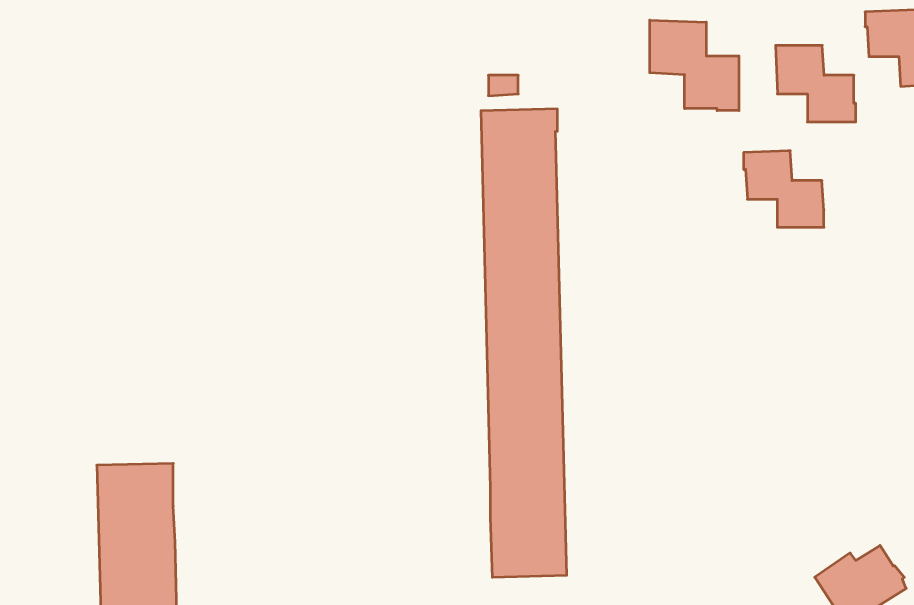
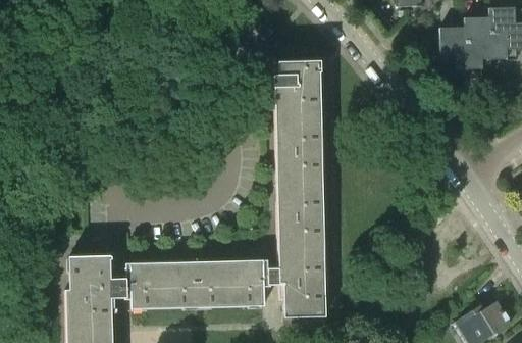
building: [650,20,739,111] -> none
building: [744,151,824,227] -> [463,16,507,58]
building: none -> [109,260,282,309]

